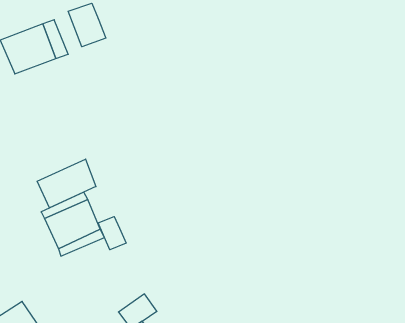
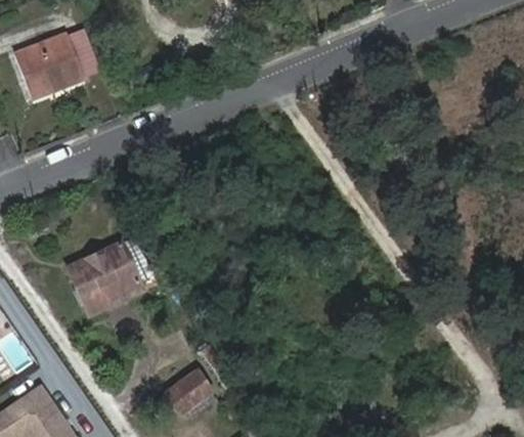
building: [68,3,106,47] -> none
building: [37,159,96,208] -> none
building: [98,217,126,250] -> none

